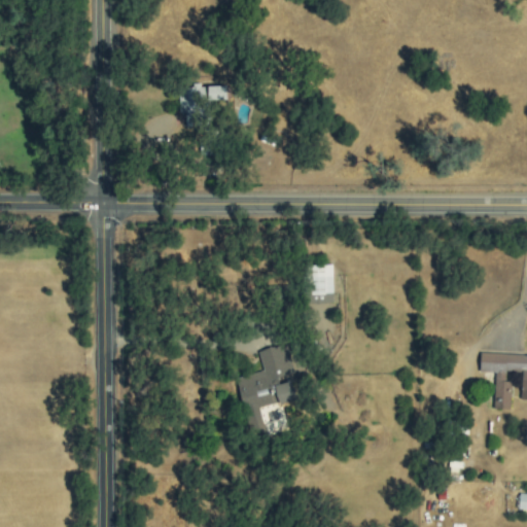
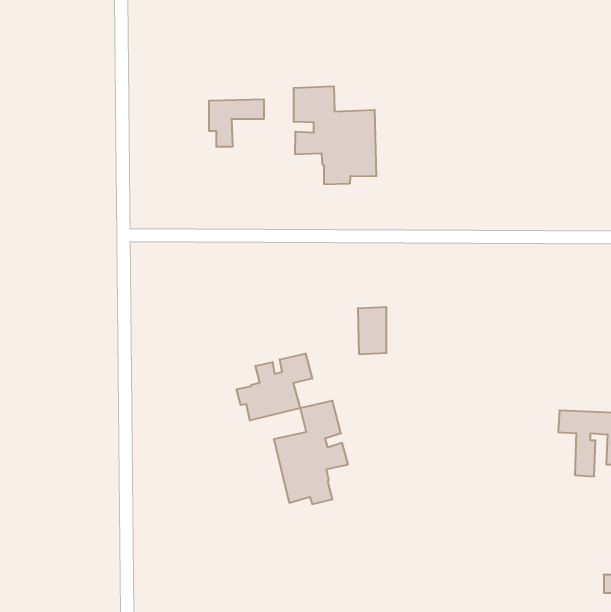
building: none -> [294,86,376,184]
building: none -> [237,353,312,421]

